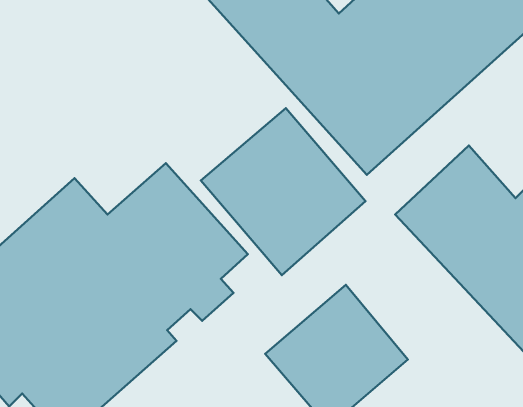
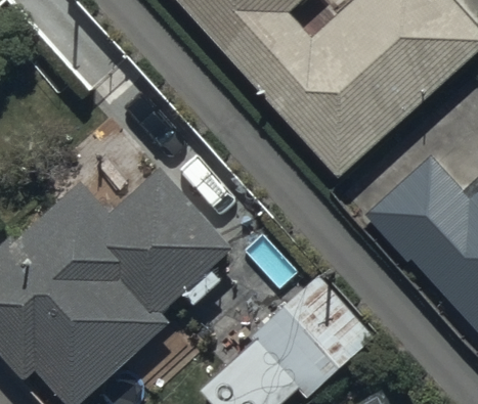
building: [201,108,365,275] -> none

